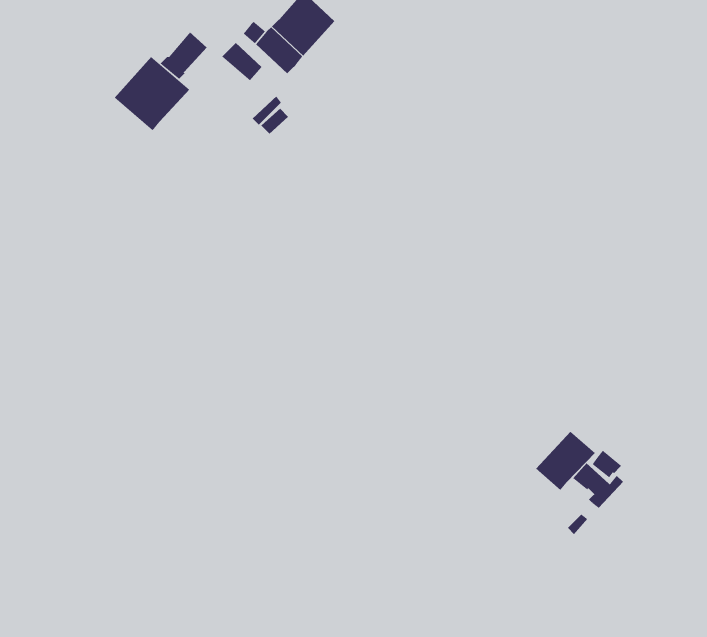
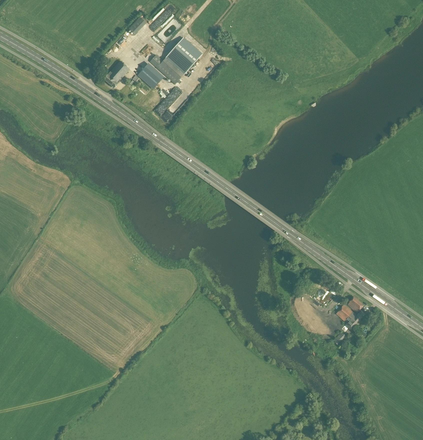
building: [114,56,190,131] -> none
building: [535,431,596,491] -> none

